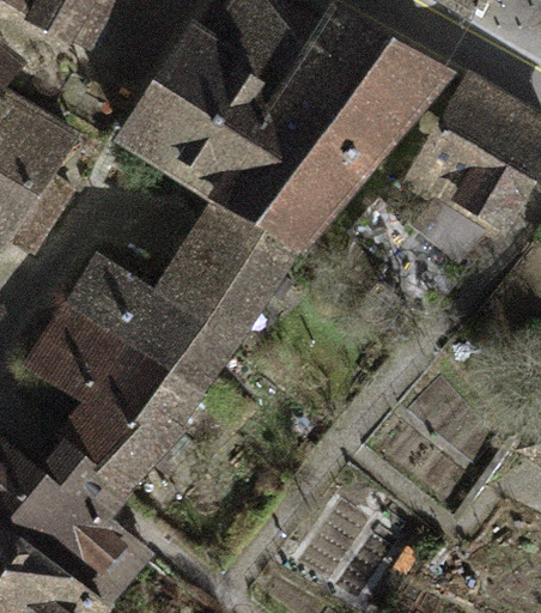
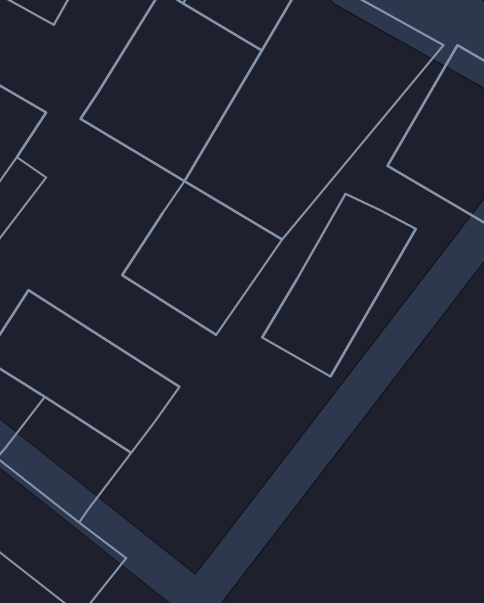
building: none -> [262,194,416,377]
building: [62,253,239,393] -> none

